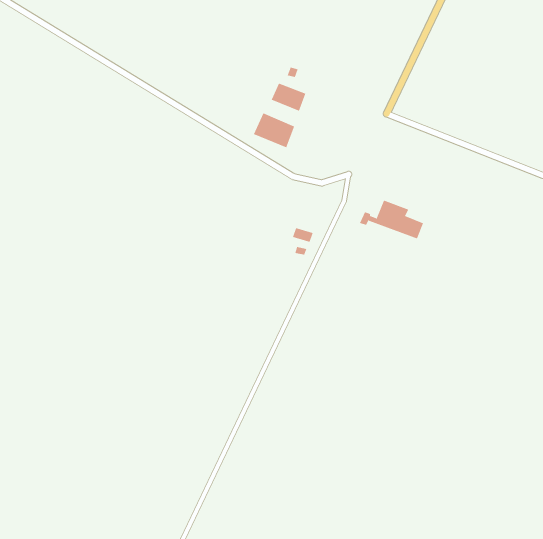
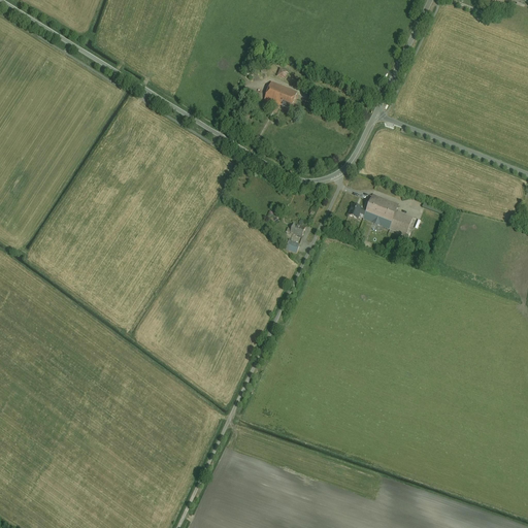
building: [253,113,295,148] -> none

